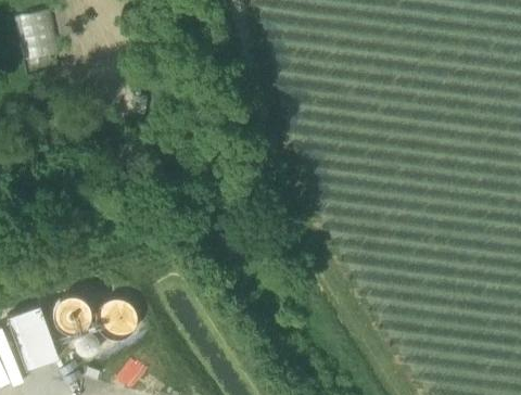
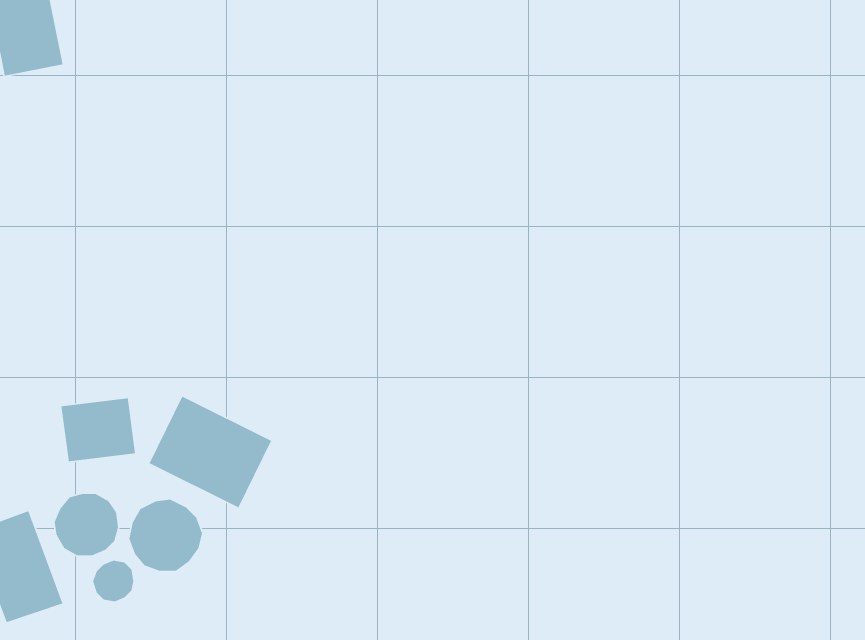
building: none -> [149,396,272,509]
building: none -> [61,397,136,462]

